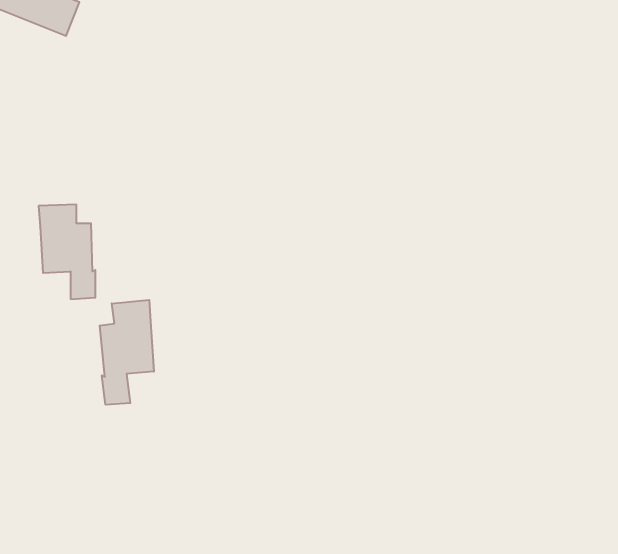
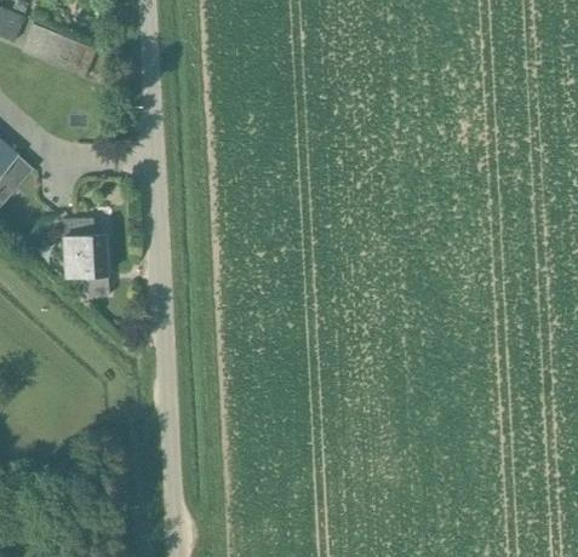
building: [100,300,154,405] -> none

